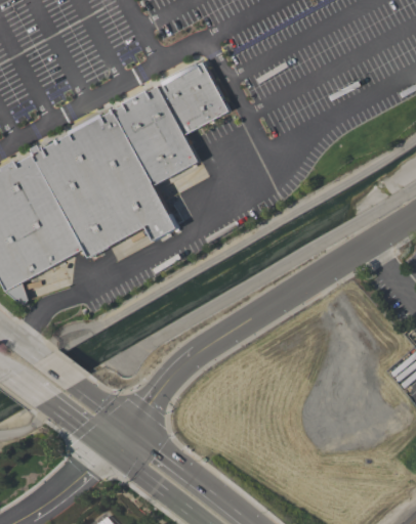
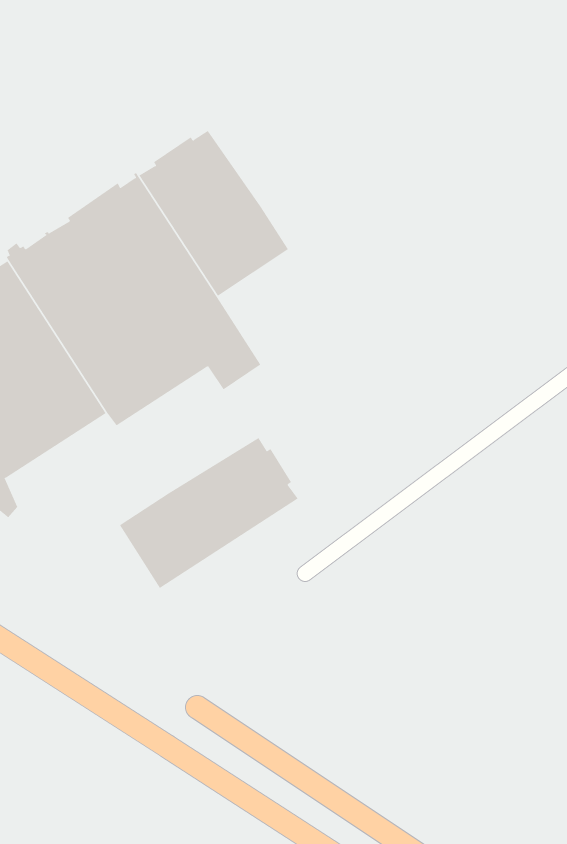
building: [158,60,230,133] -> none
building: none -> [119,437,298,589]

